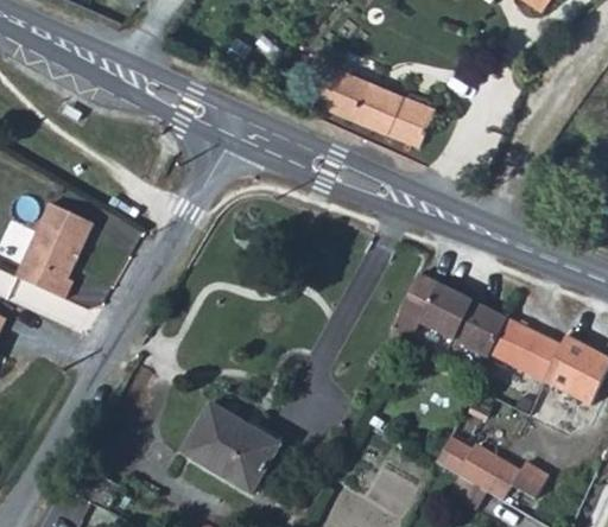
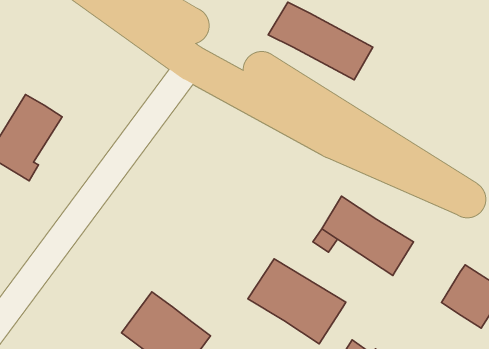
building: [486,317,558,381] -> none
building: none -> [248,259,346,344]

